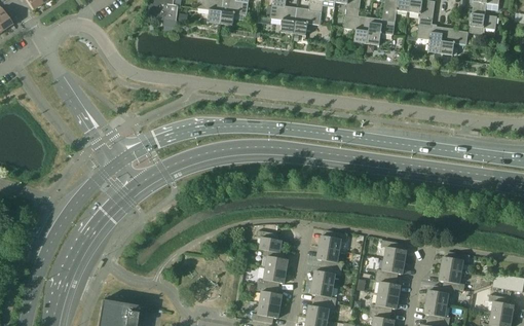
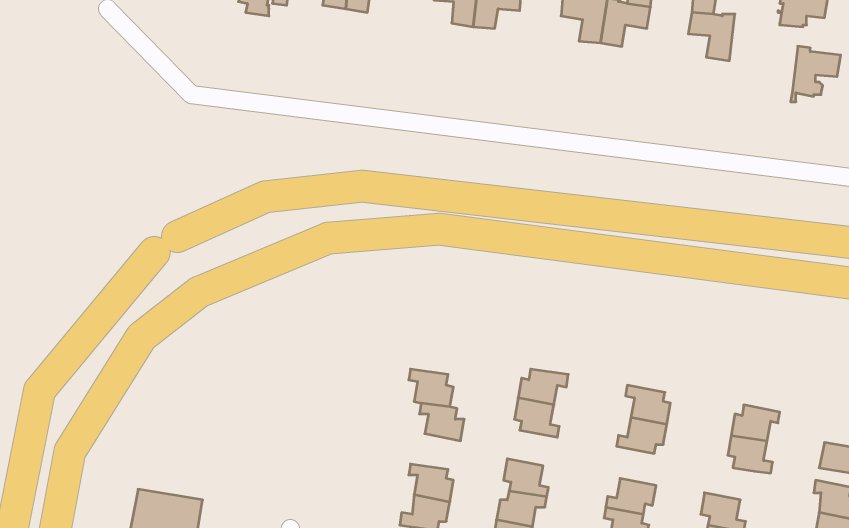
building: [439,27,467,59] -> [791,46,841,102]
building: [312,265,341,286] -> none
building: [257,267,286,288] -> none
building: [374,275,400,297] -> none
building: [425,285,454,305] -> none

